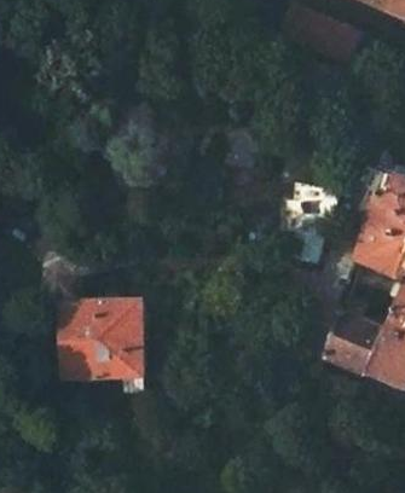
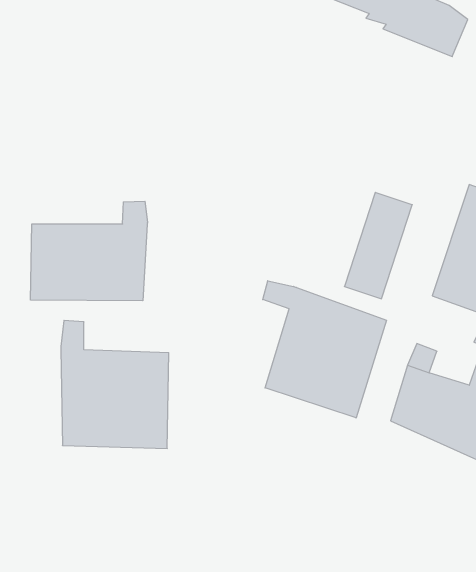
building: none -> [31,201,147,301]
building: none -> [263,281,387,418]

